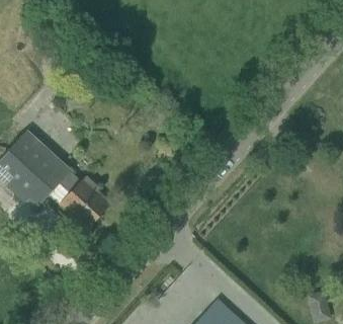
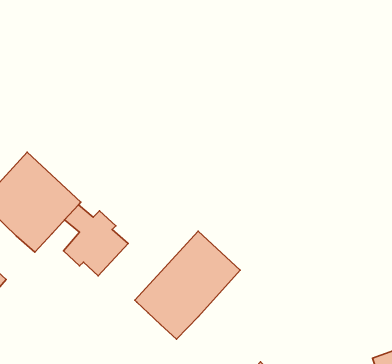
building: none -> [135,231,240,339]

